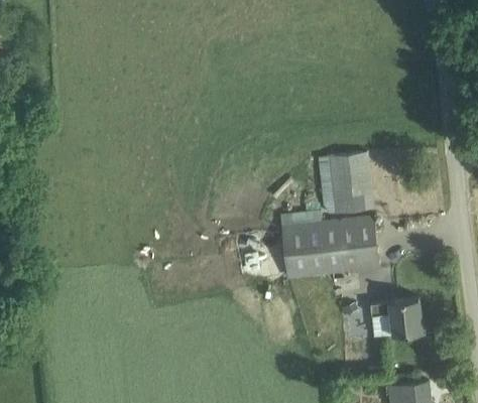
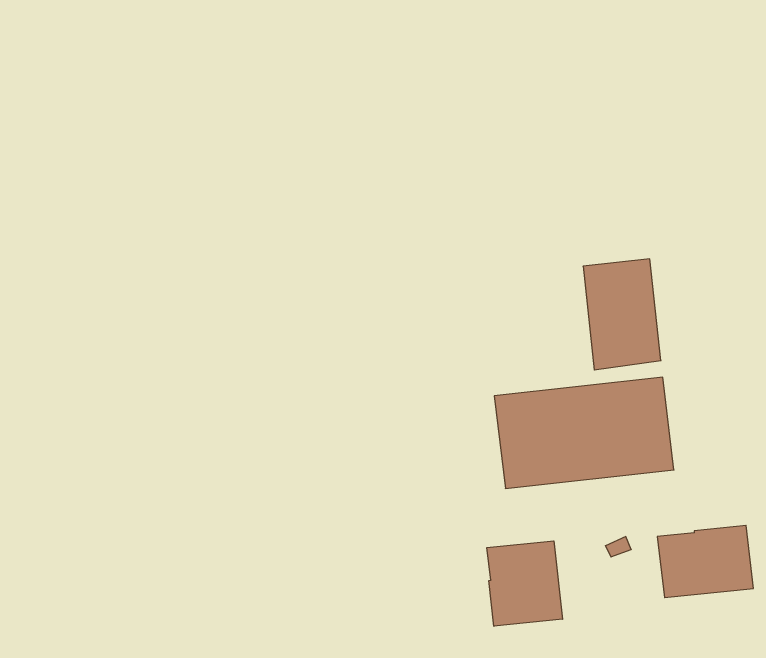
building: none -> [487,541,563,626]

